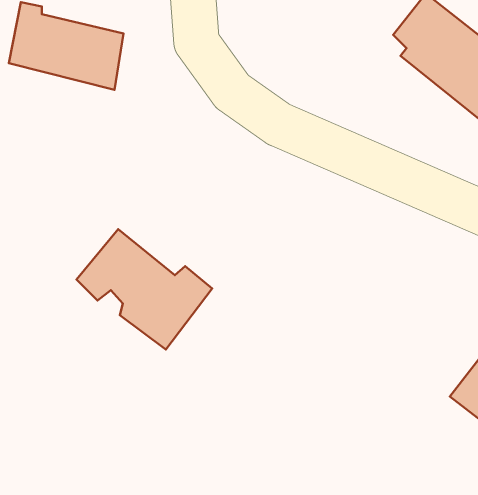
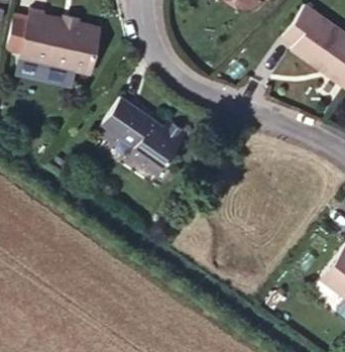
building: [77,229,212,350] -> [98,102,190,184]

